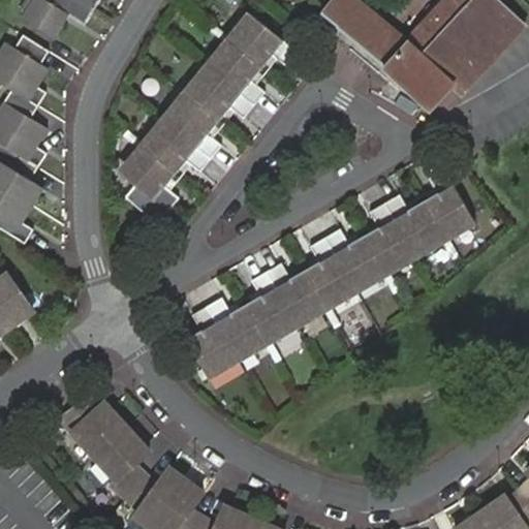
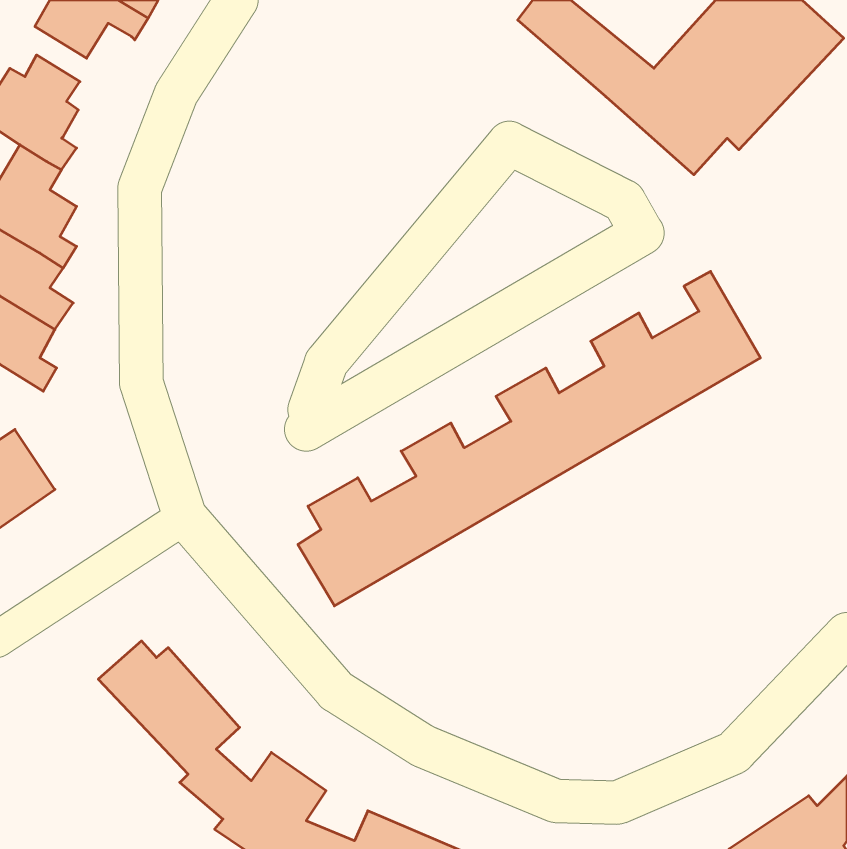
building: [124,14,297,223] -> none

